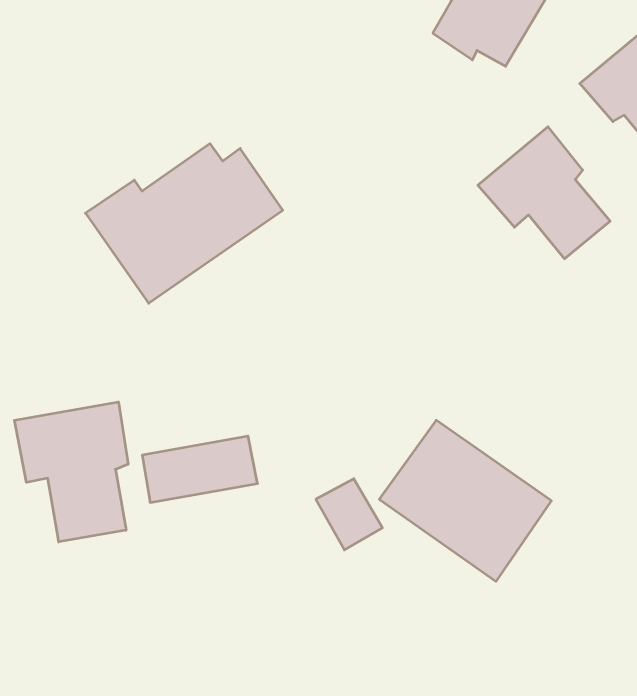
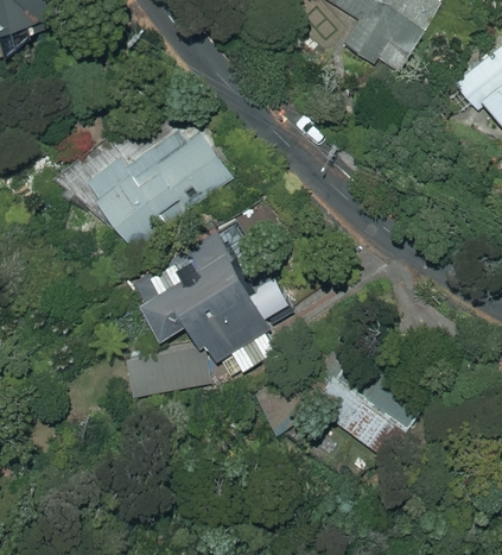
building: [478,127,610,259] -> none
building: none -> [136,252,271,360]
building: [14,402,128,542] -> none

